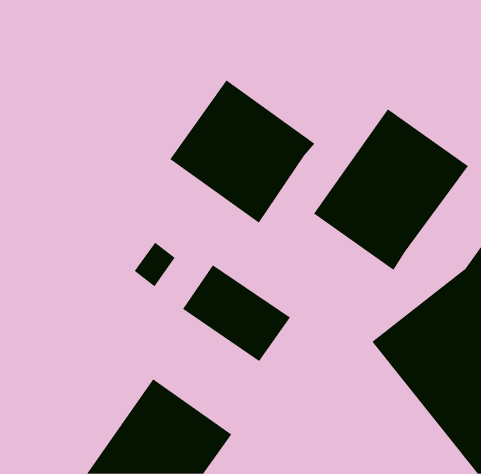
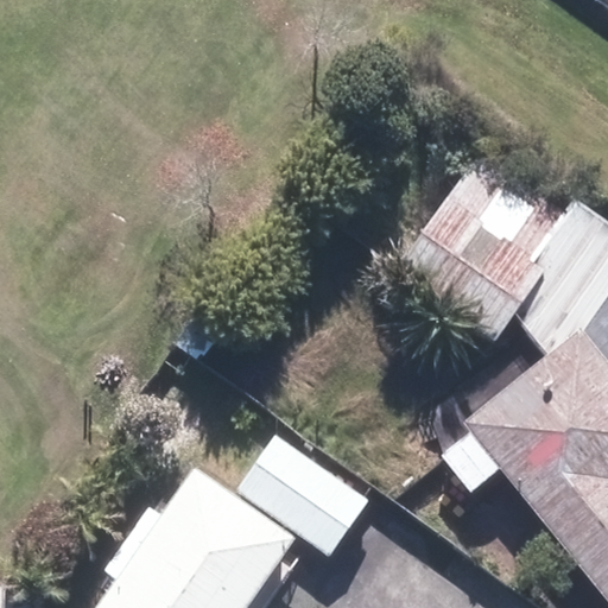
building: [170,80,315,223] -> none
building: [182,264,291,362] -> [233,437,369,559]

